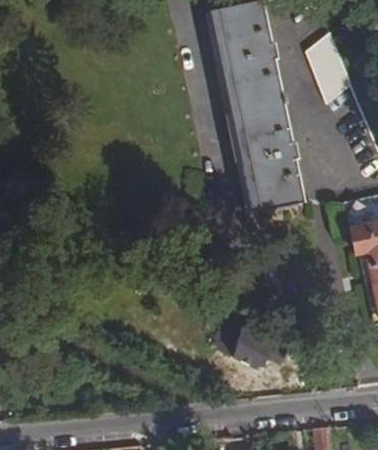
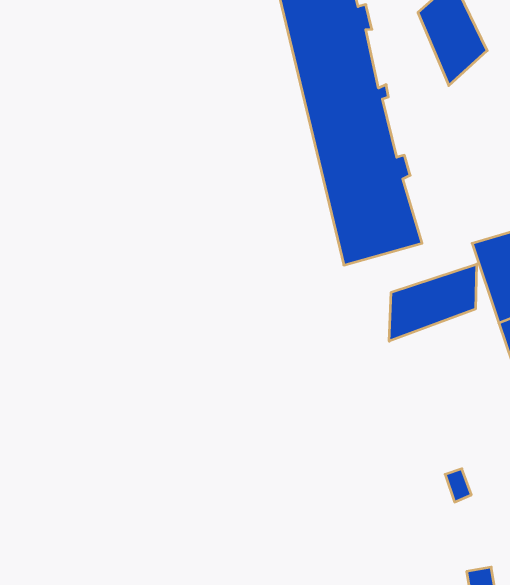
building: none -> [389,264,477,341]
building: [238,329,291,370] -> none

